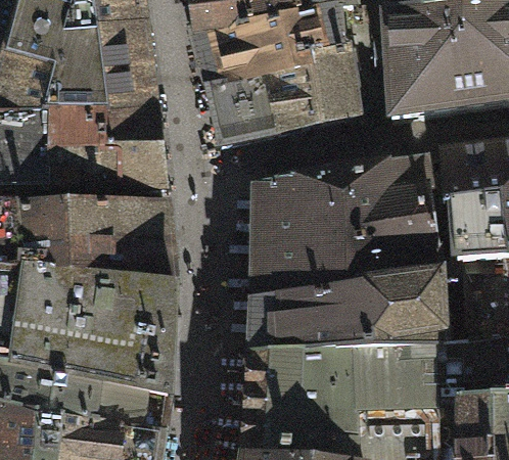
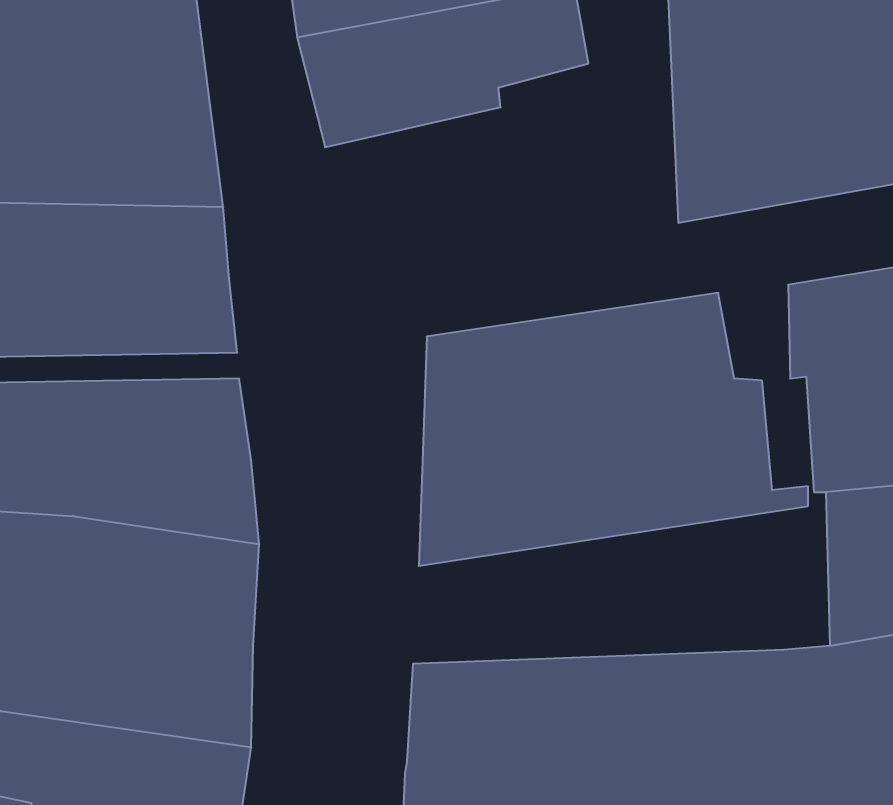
building: [205,42,356,146] -> none
building: [250,269,453,350] -> none

